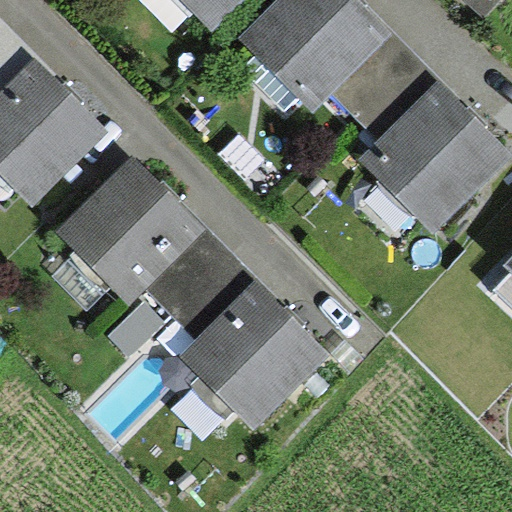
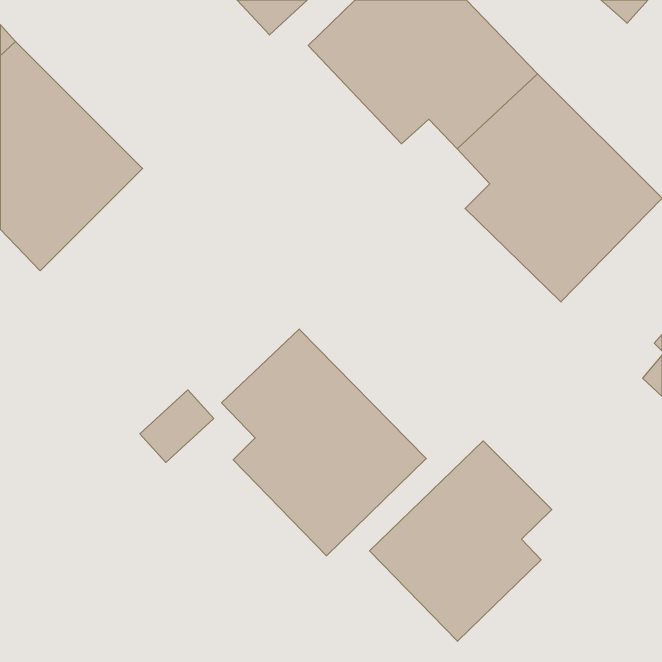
building: [55,154,231,311] -> none
building: none -> [370,441,552,641]

